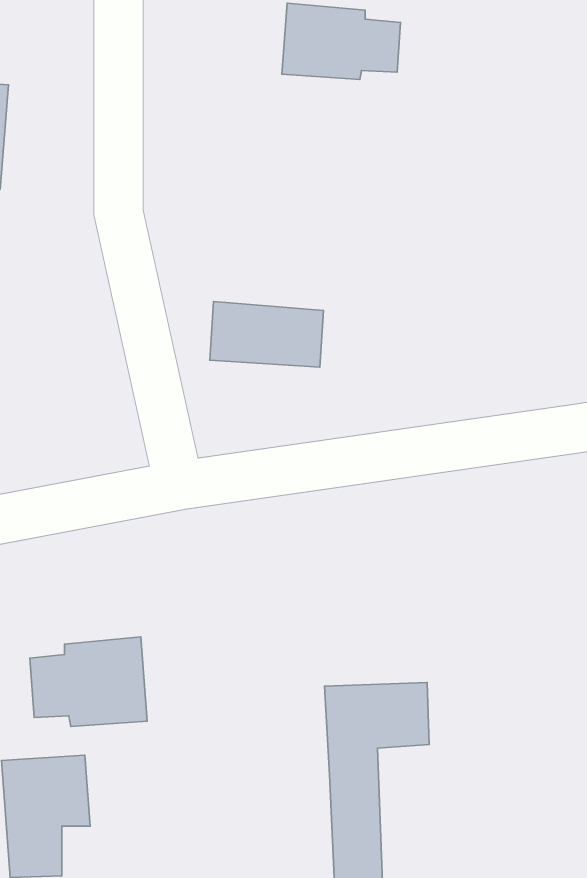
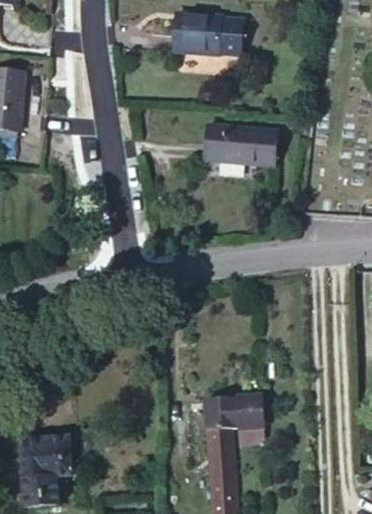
building: [210,302,323,367] -> [205,130,269,167]
building: [30,637,147,726] -> none

